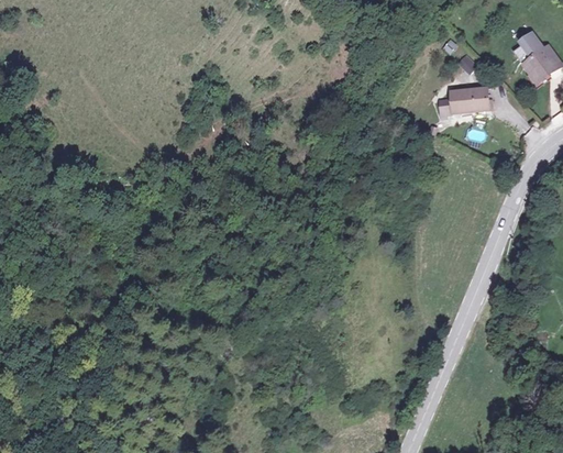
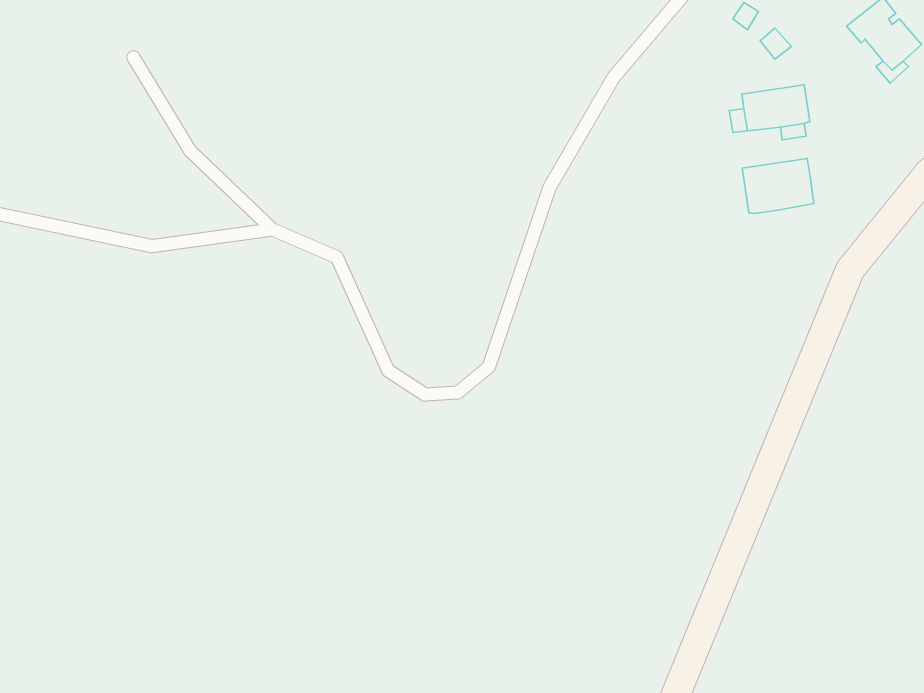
building: none -> [742,159,814,213]

